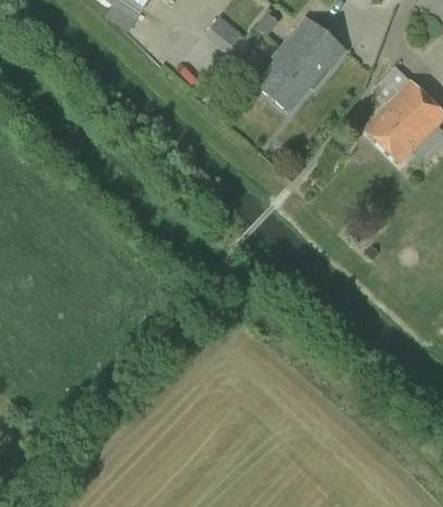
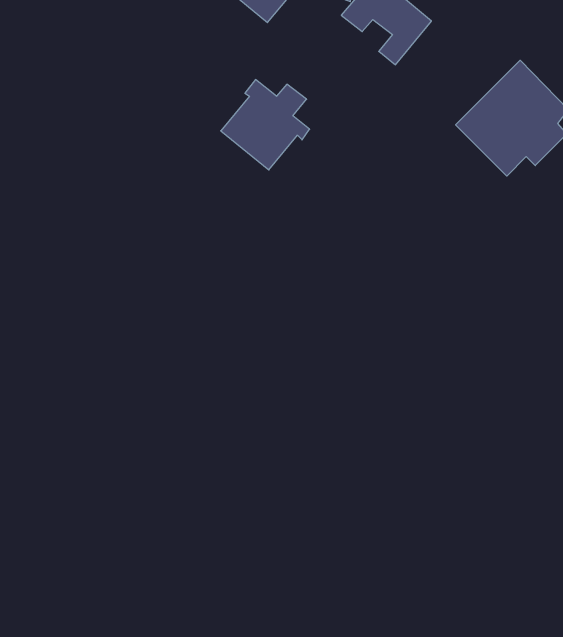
building: [255,43,320,109] -> [221,80,310,170]

